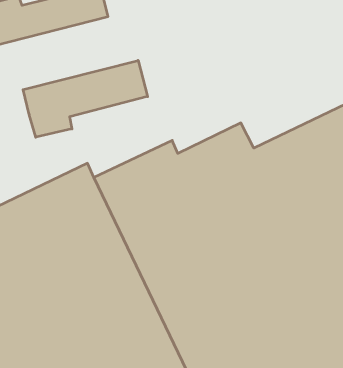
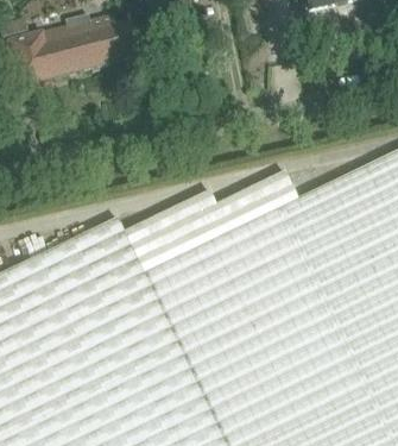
building: [23,60,148,137] -> none

